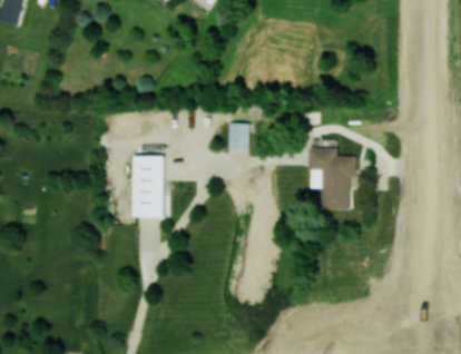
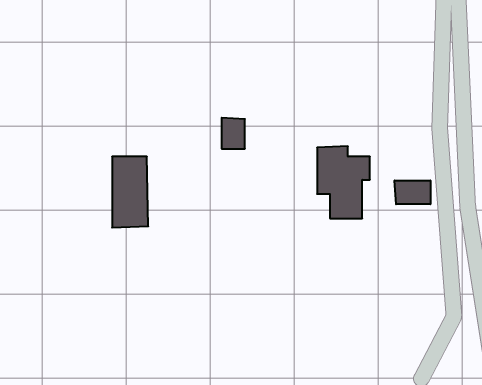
building: none -> [395,180,430,204]

